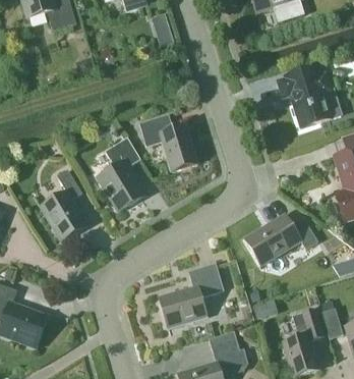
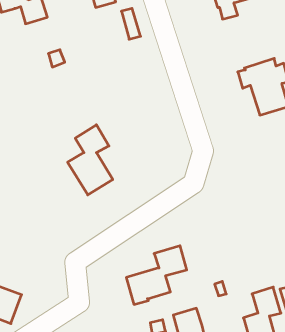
building: [138,114,196,171] -> none
building: [40,169,86,240] -> none
building: [244,214,317,265] -> none

